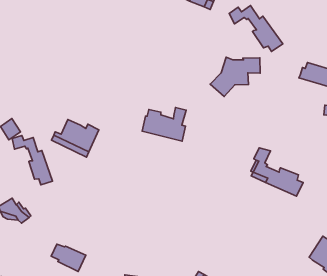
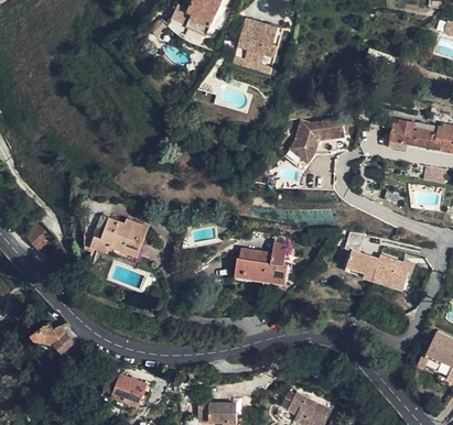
building: [229,6,283,51] -> none
building: [142,107,186,141] -> [235,242,288,283]
building: [12,135,53,185] -> none

